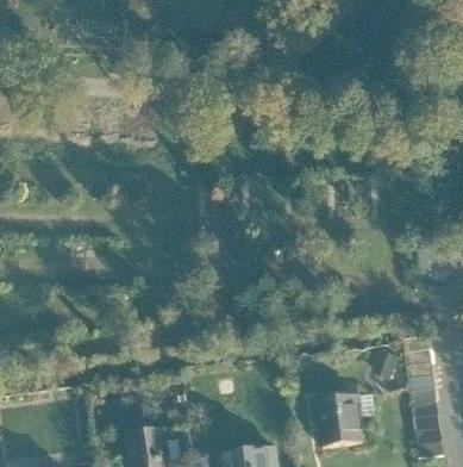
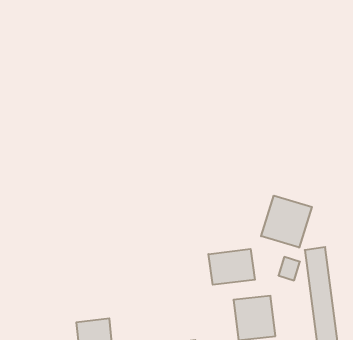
building: none -> [261,196,312,248]
building: none -> [208,249,255,285]

